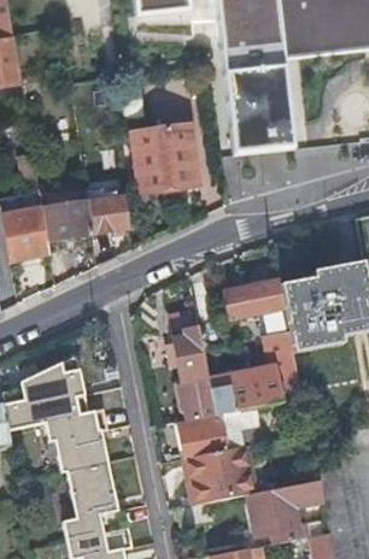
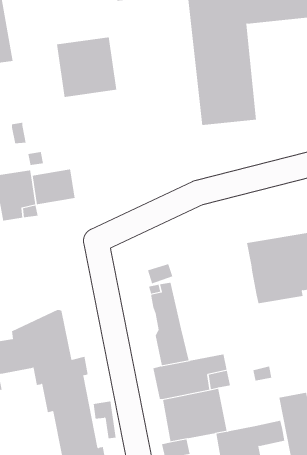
building: [130,123,198,190] -> [56,37,117,98]
building: [86,195,128,234] -> none
building: [219,280,285,318] -> none
building: [209,341,303,413] -> none

